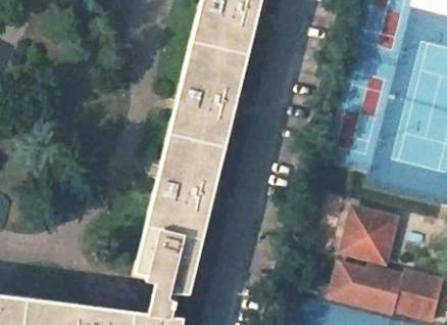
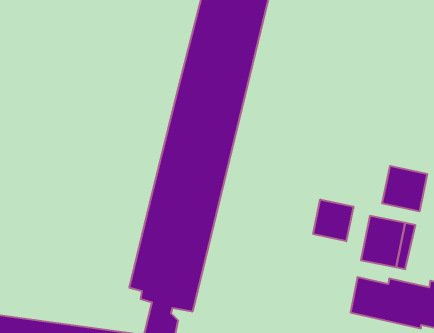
building: none -> [382,166,427,211]
building: none -> [313,199,353,241]

